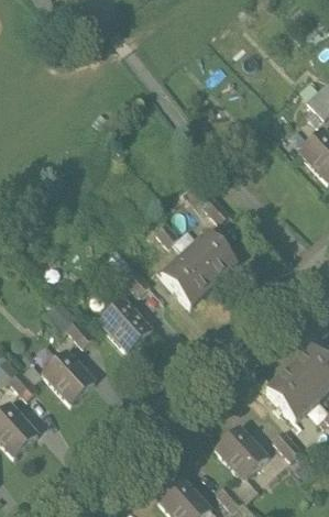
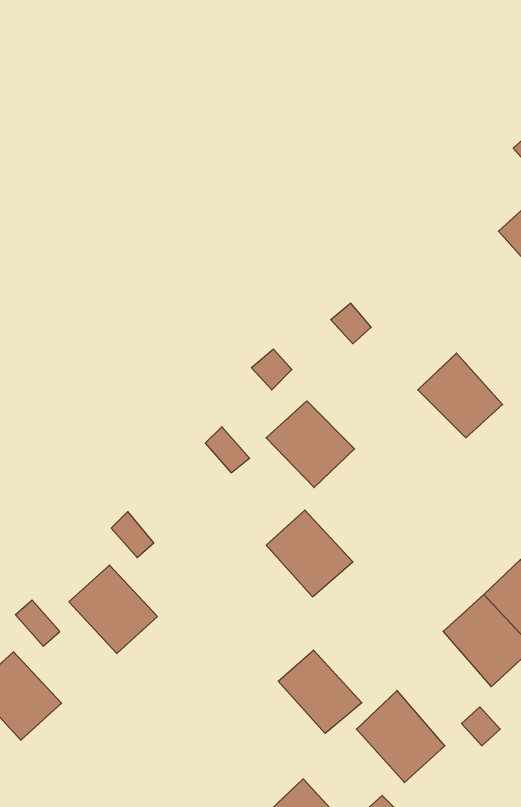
building: [185,230,235,281] -> [418,353,503,438]
building: [100,299,152,351] -> [266,510,353,597]
building: none -> [278,650,362,733]

